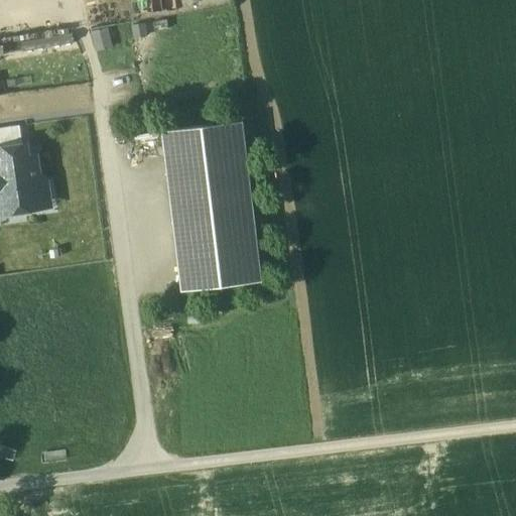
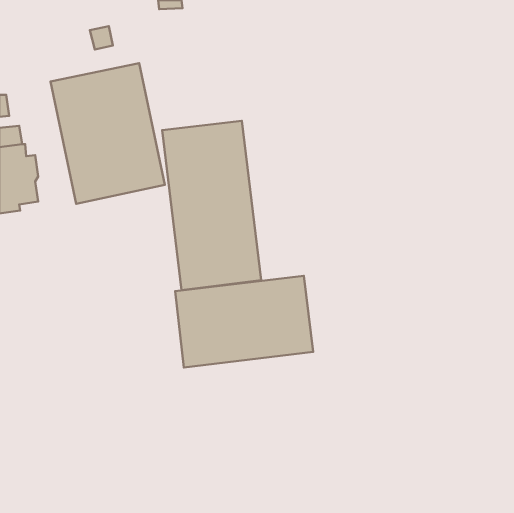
building: none -> [50,63,165,204]
building: none -> [175,276,313,367]

